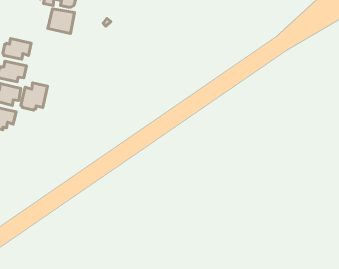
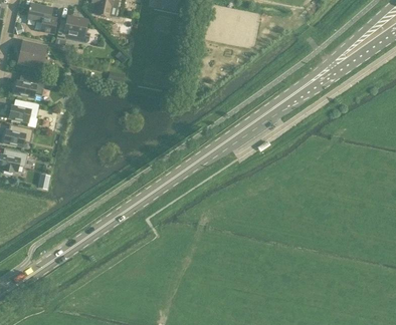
building: [48,9,74,33] -> [17,41,45,67]
building: [21,83,47,110] -> none

